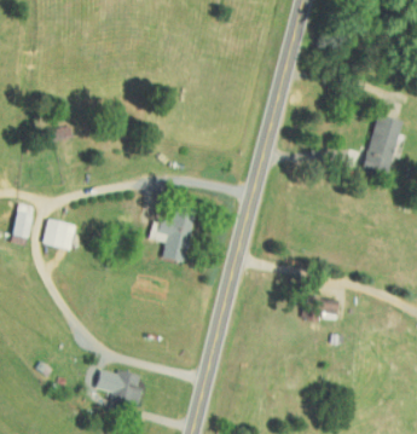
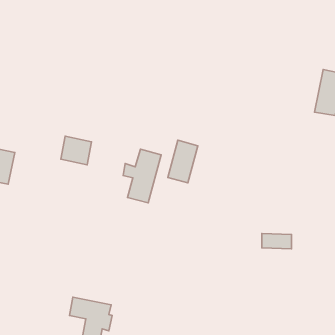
building: none -> [168,140,198,183]
building: [44,219,77,250] -> [61,136,92,165]

